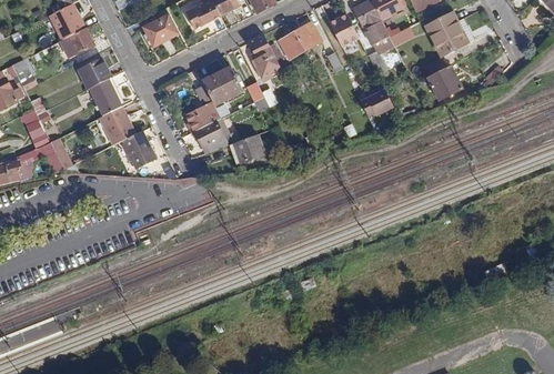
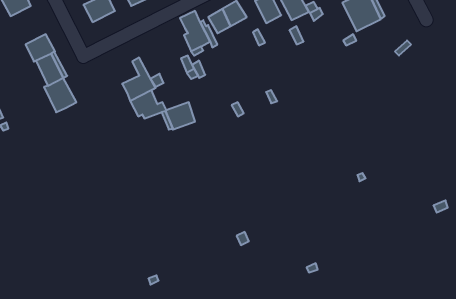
building: [61,28,94,57] -> none
building: [201,65,243,105] -> none
building: [427,65,462,100] -> none
building: [362,92,394,120] -> none
building: [122,130,154,166] -> none

